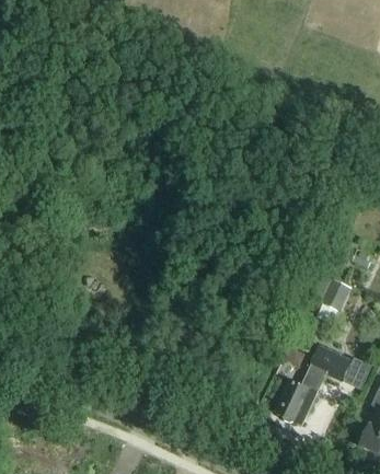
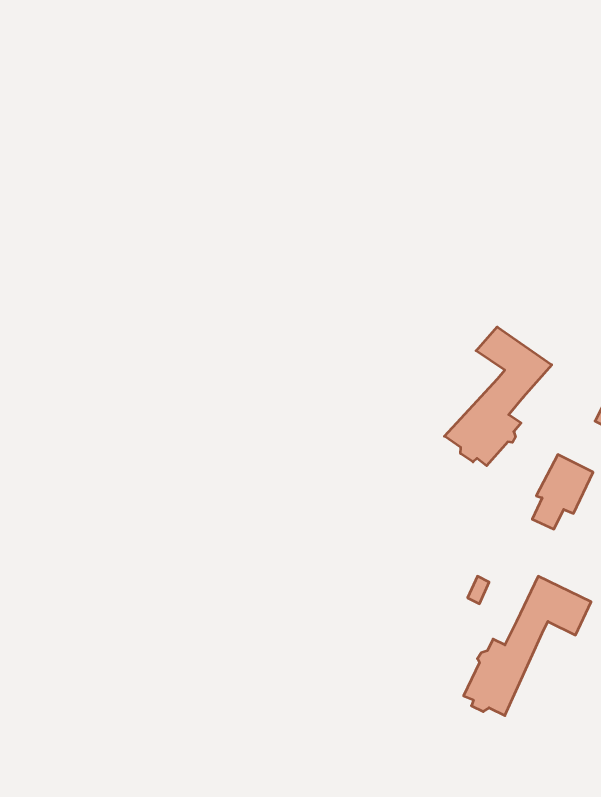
building: none -> [444,327,552,466]

